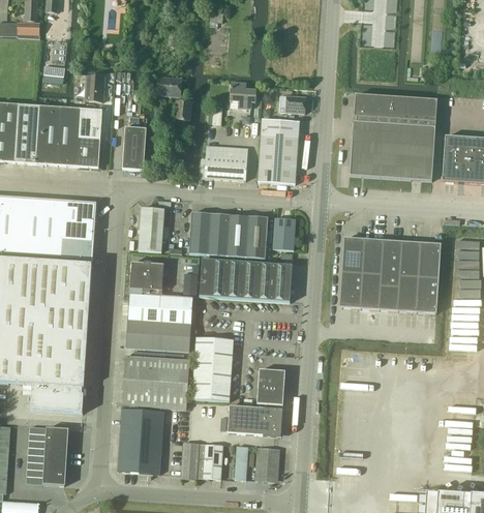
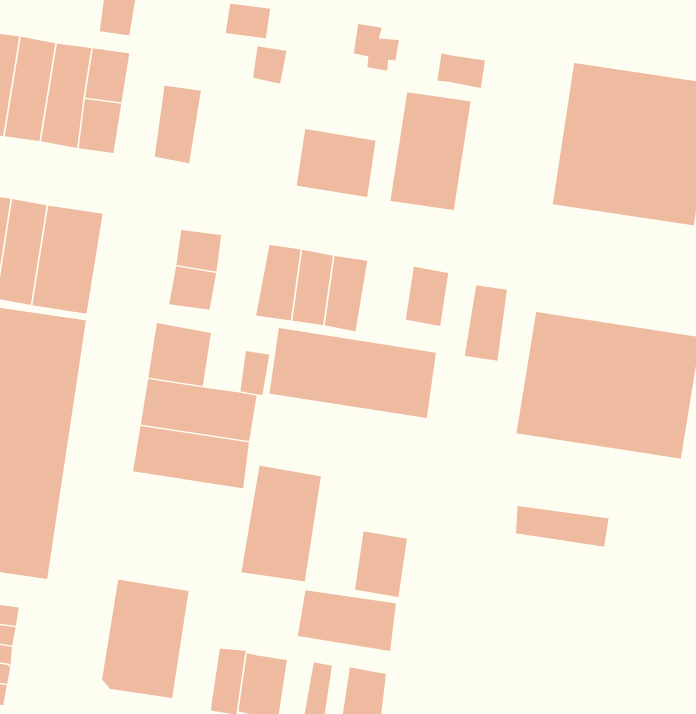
building: [245,215,267,258] -> [464,284,508,361]
building: none -> [515,505,609,548]
building: [122,355,190,409] -> none

